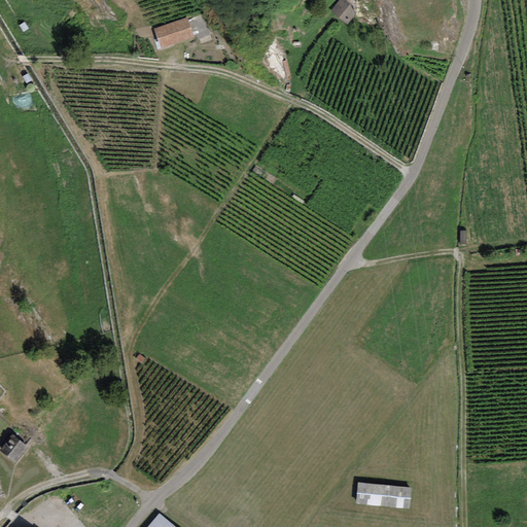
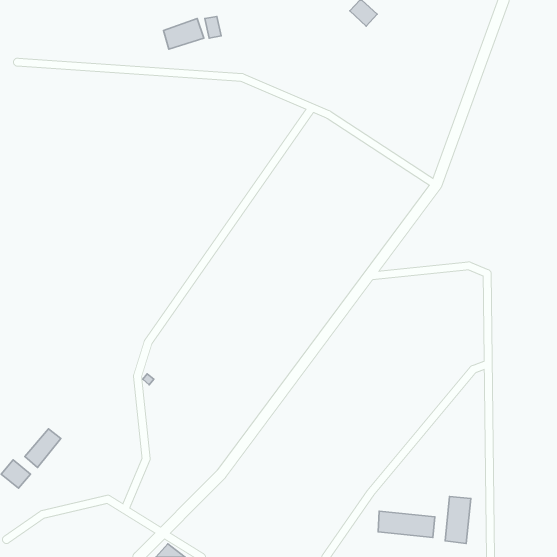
building: none -> [25,429,61,467]
building: none -> [445,496,471,544]

